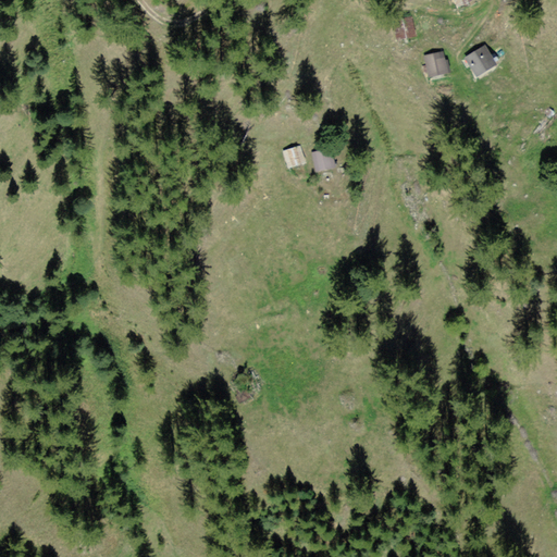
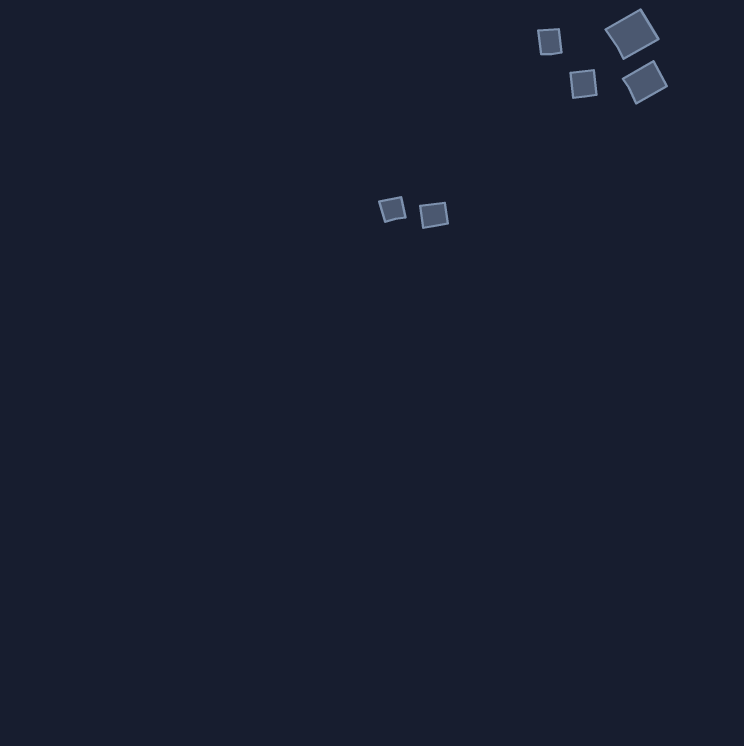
building: none -> [606,10,658,59]

